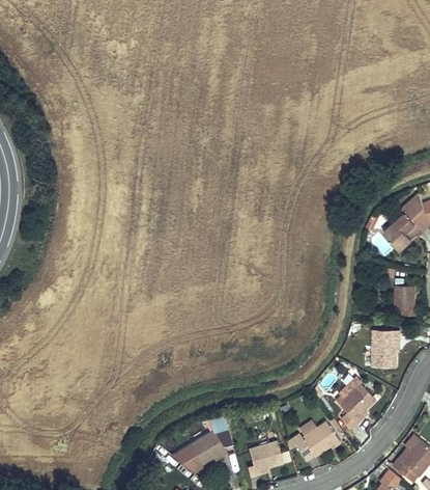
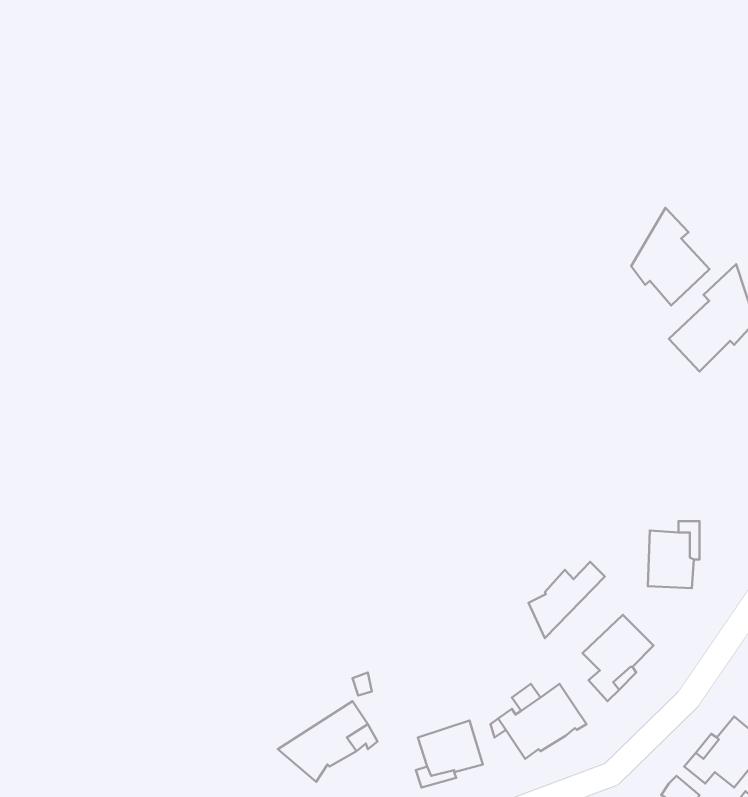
building: none -> [631,208,710,305]
building: [394,285,415,310] -> none
building: none -> [529,562,605,638]

